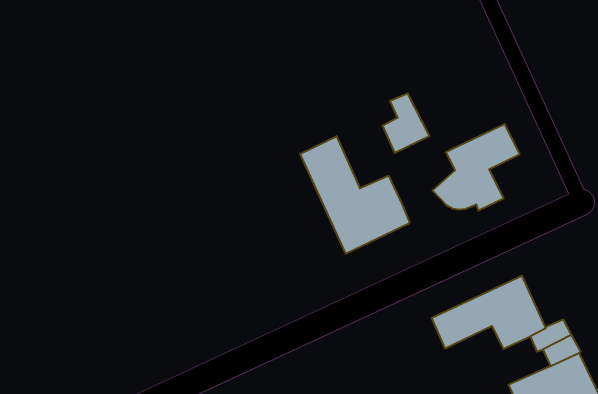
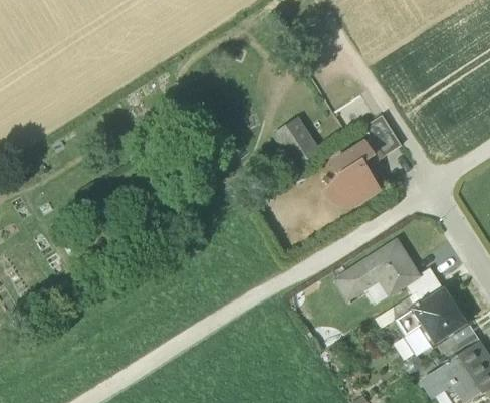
building: none -> [365,114,402,155]
building: [300,136,410,254] -> none

